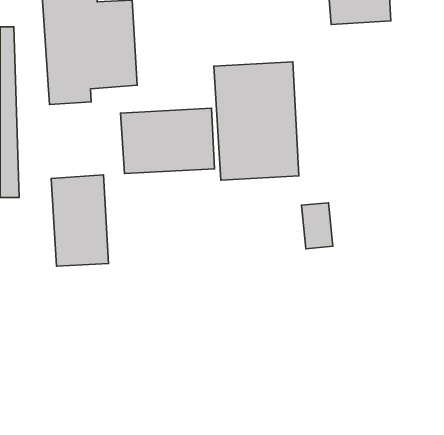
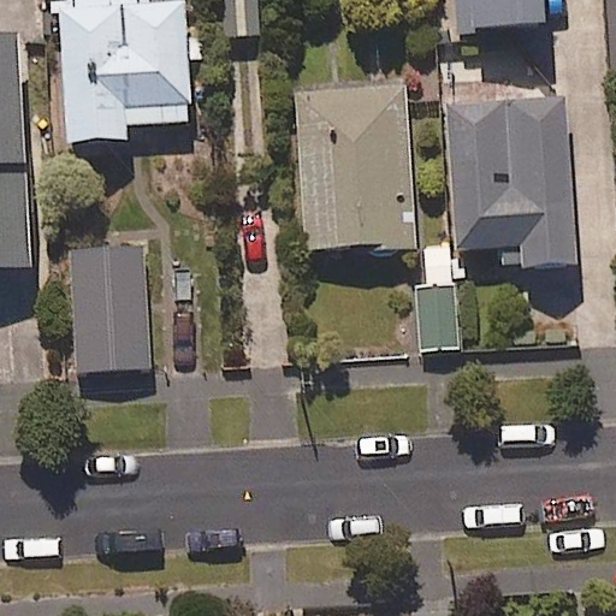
building: none -> [446,96,578,271]
building: [121,108,214,174] -> none

